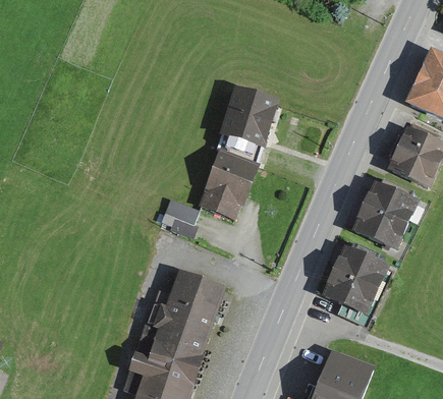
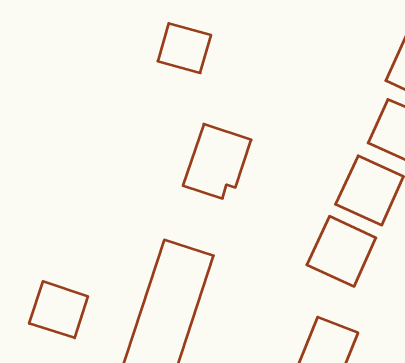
building: [223,91,278,141] -> [158,23,211,73]
building: [159,203,200,241] -> none
building: none -> [29,281,88,338]

